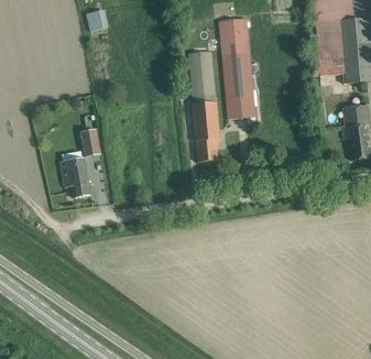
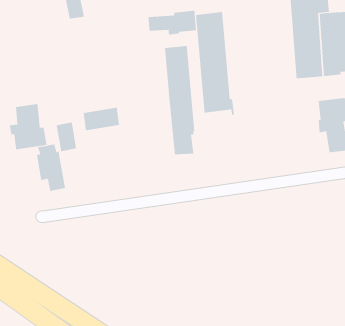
building: none -> [148,10,197,35]
building: none -> [9,103,47,150]
building: none -> [83,107,119,131]

